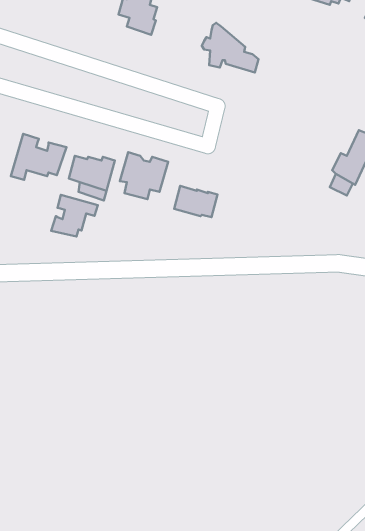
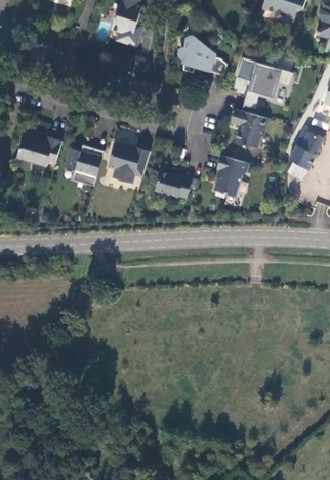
building: none -> [242,64,289,107]
building: none -> [231,110,267,149]
building: none -> [214,156,248,198]
building: [51,195,98,237] -> none

